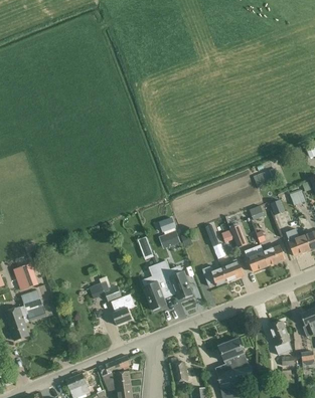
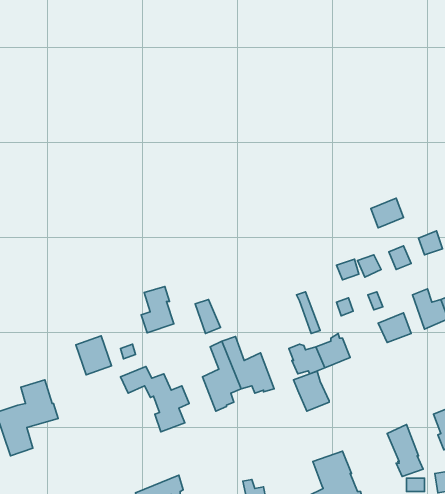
building: [160,216,182,247] -> [141,287,174,333]
building: [245,244,269,271] -> [293,371,329,411]
building: [14,263,38,289] -> [76,336,112,375]

